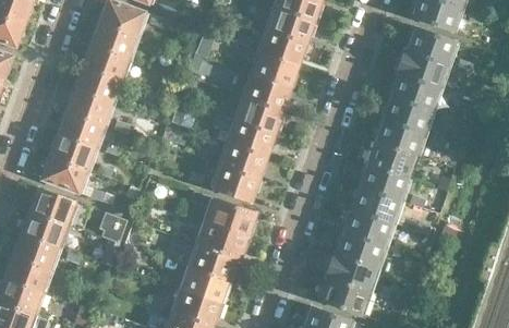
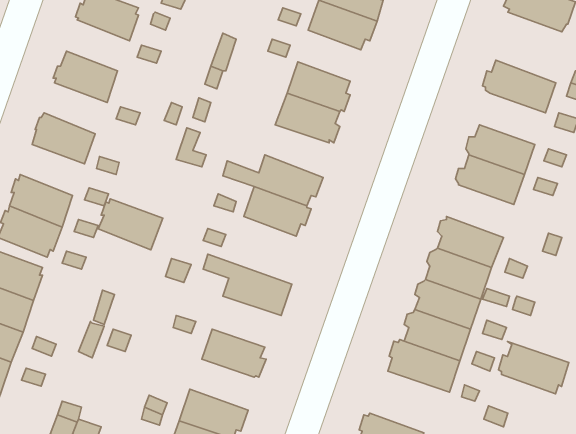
building: [89,21,137,58] -> none
building: [403,27,455,66] -> none
building: [259,28,308,65] -> none
building: [74,66,121,104] -> none
building: [389,74,439,111] -> none
building: [235,97,283,135] -> none
building: [58,111,105,148] -> [98,199,163,250]
building: [365,141,416,179] -> none
building: [214,163,262,201] -> none
building: [197,221,247,258] -> none
building: [181,267,229,304] -> none
building: [318,276,369,314] -> [498,341,569,394]

